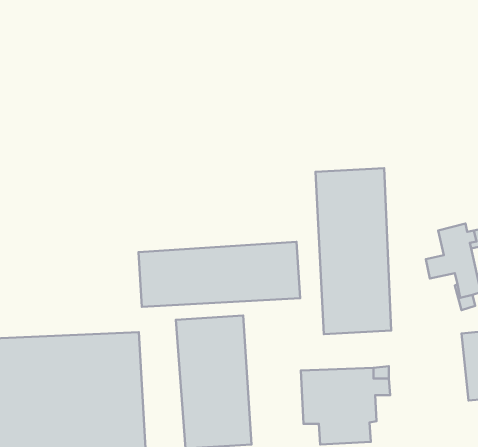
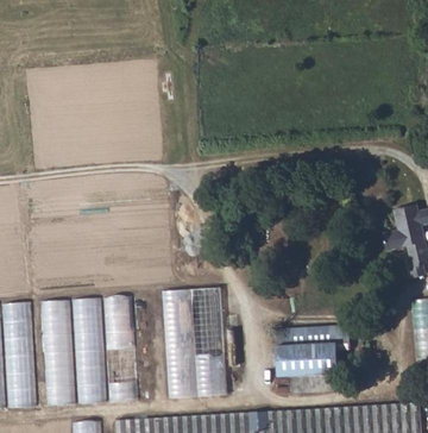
building: [315,168,391,334] -> none
building: [138,242,300,307] -> none

